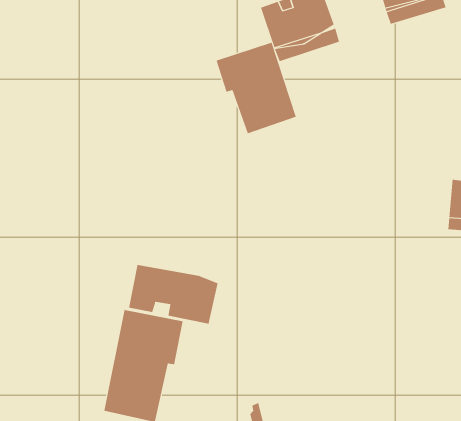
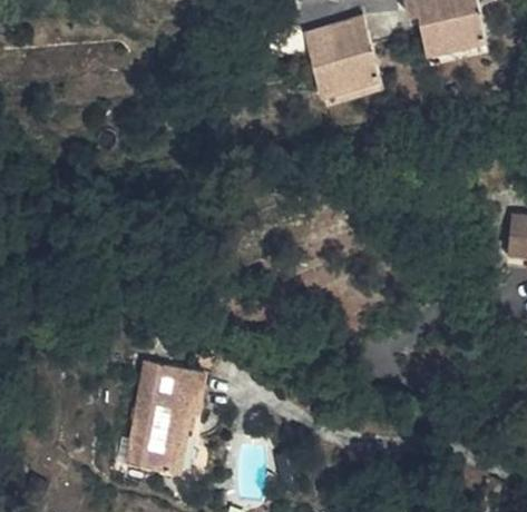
building: [216,42,296,134] -> none
building: [128,264,218,325] -> none

